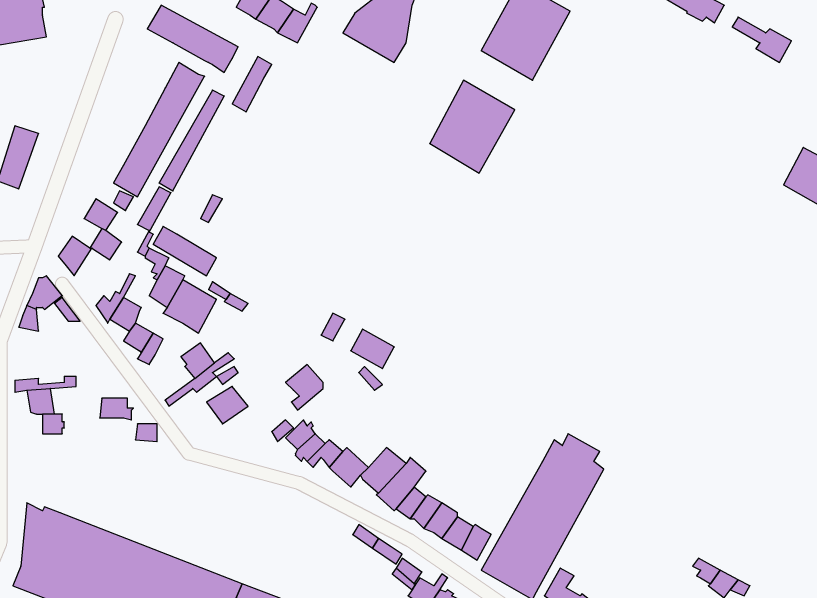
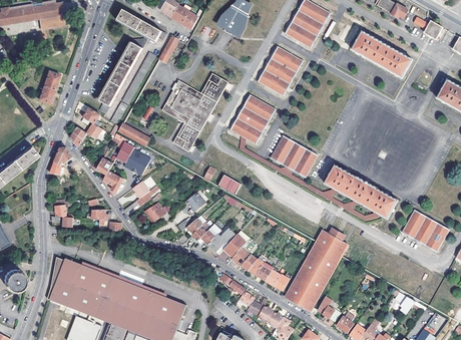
building: none -> [352,29,411,75]
building: none -> [159,74,227,151]
building: none -> [229,93,276,142]
building: none -> [270,133,318,177]
building: none -> [324,160,400,219]
building: none -> [401,203,450,252]

